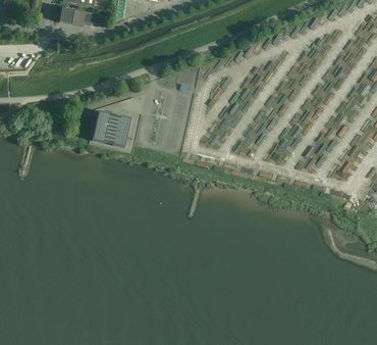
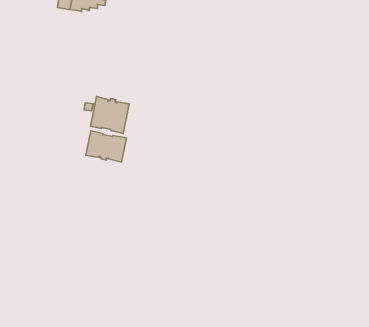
building: none -> [86,131,126,162]

